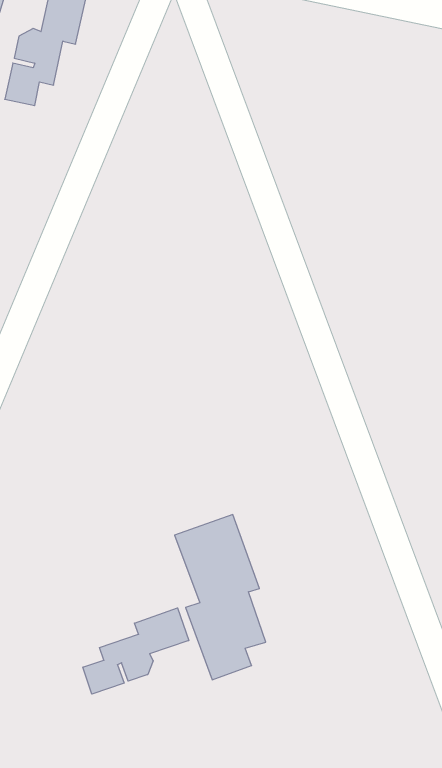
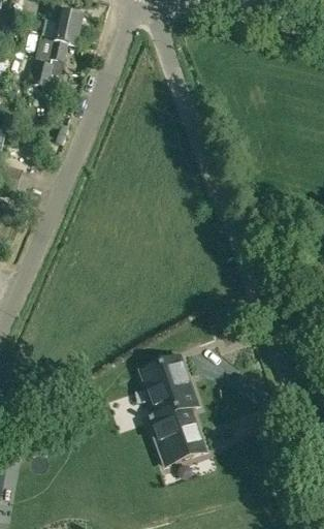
building: [83,608,189,694] -> none

